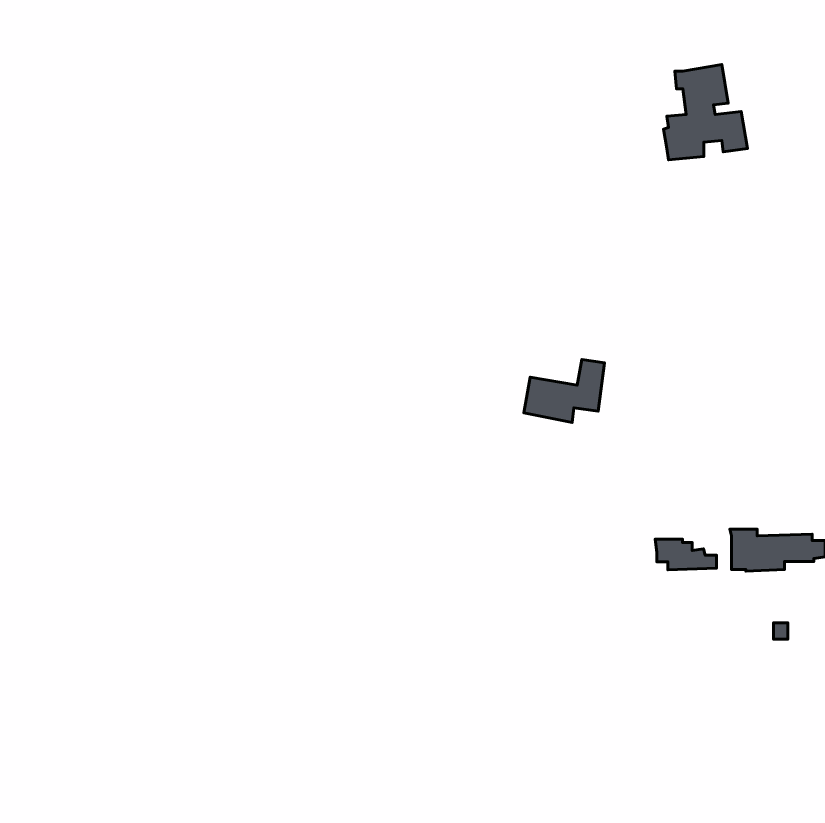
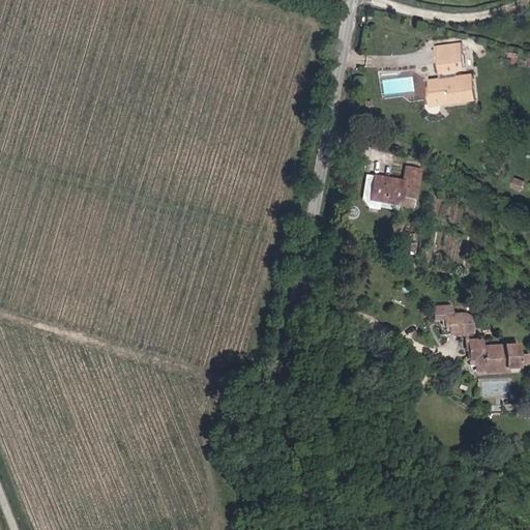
building: [524,359,605,422] -> [369,166,420,206]
building: [655,539,716,570] -> [440,315,479,334]

